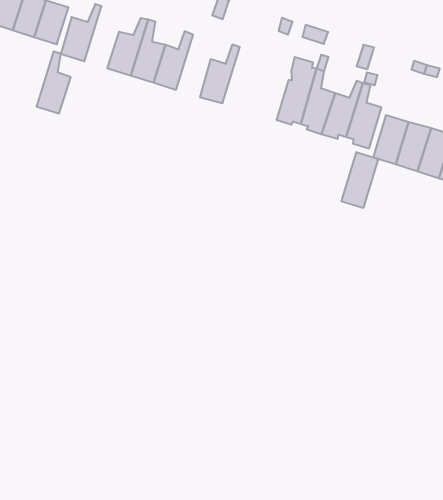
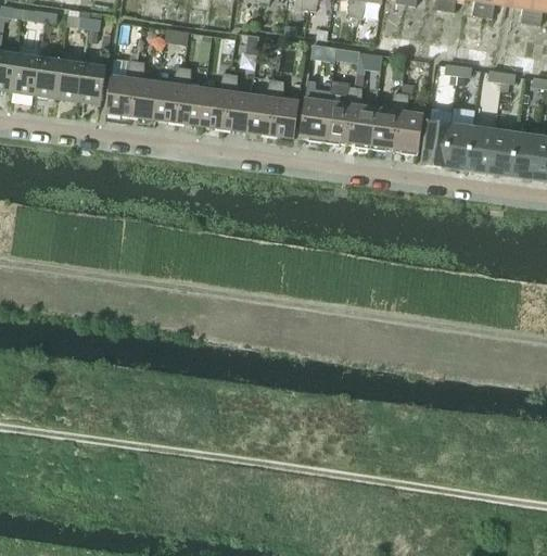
building: none -> [221,73,250,131]
building: none -> [268,77,297,137]
building: [36,52,71,114] -> [129,60,157,118]
building: none -> [298,79,328,141]
building: [341,152,378,208] -> none

